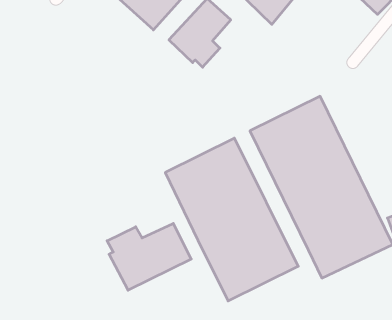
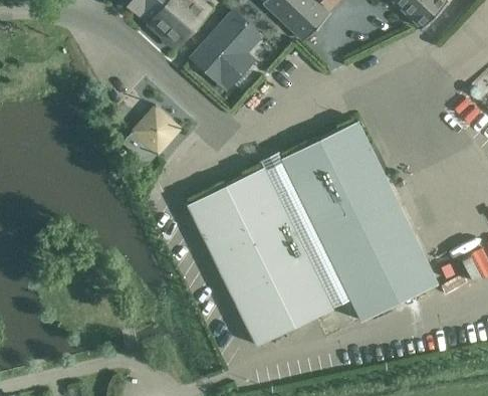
building: none -> [133,107,181,155]
building: [107,223,191,290] -> none

